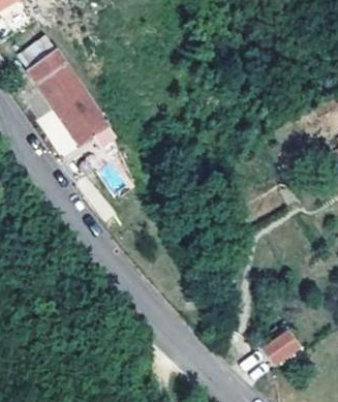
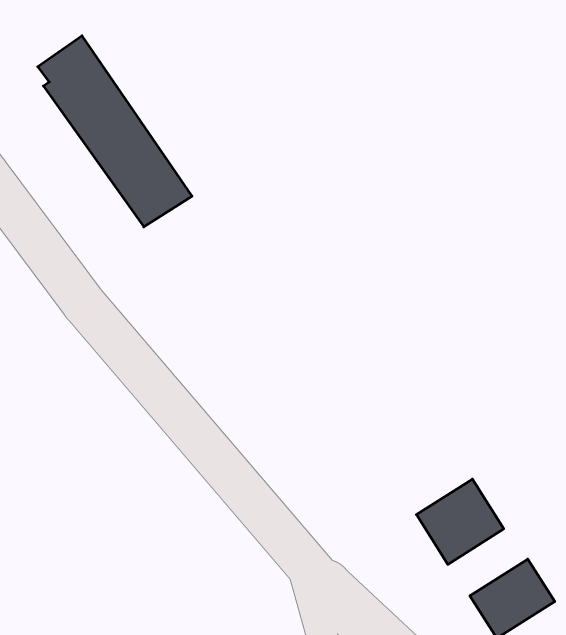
building: none -> [416,479,504,564]

